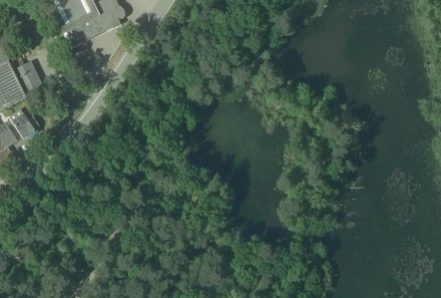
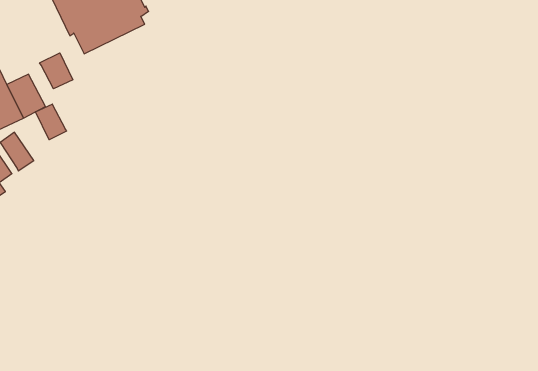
building: none -> [40,53,73,89]
building: none -> [35,104,67,140]

